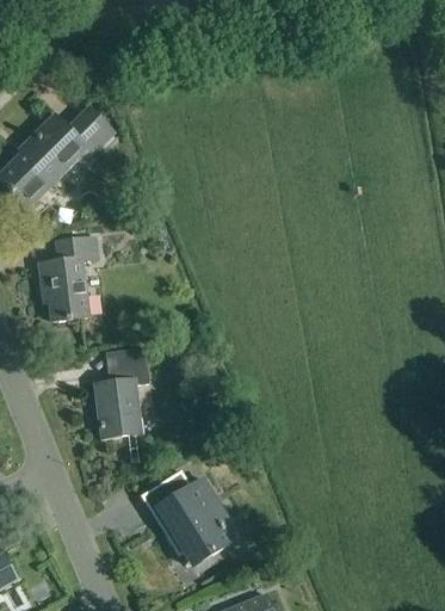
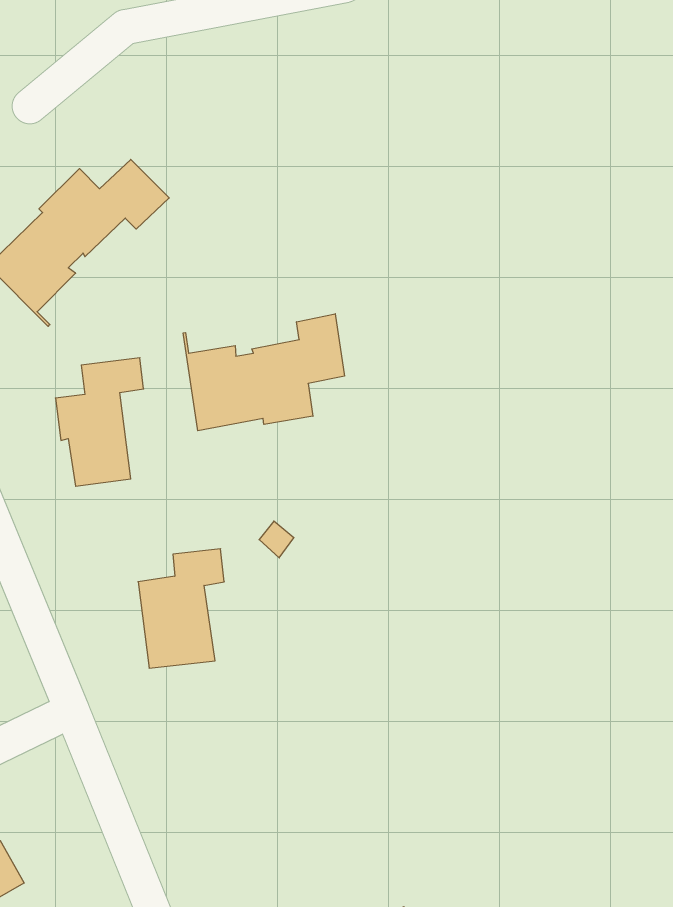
building: none -> [183,314,344,431]
building: [141,470,229,566] -> none

